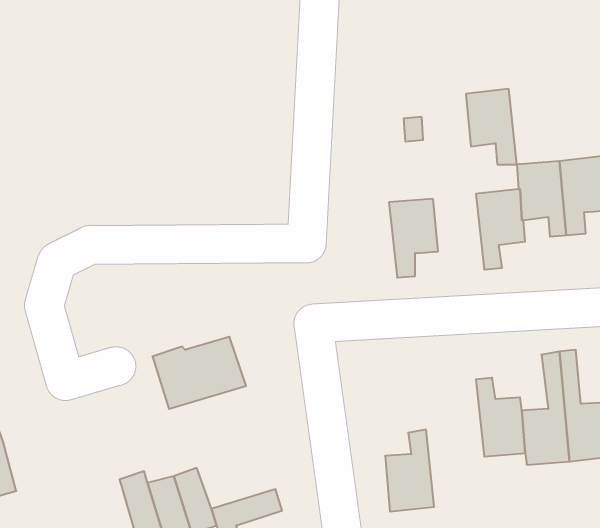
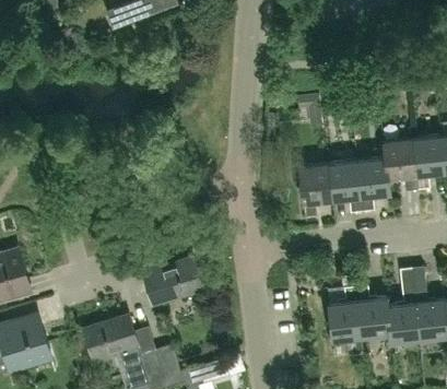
building: [466,89,517,164] -> [328,162,362,212]
building: none -> [82,314,138,361]
building: [385,430,434,512] -> [329,285,362,340]

